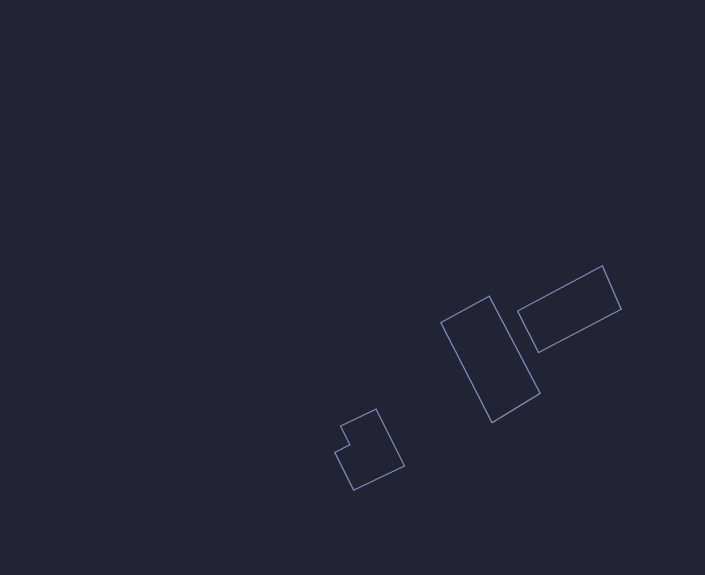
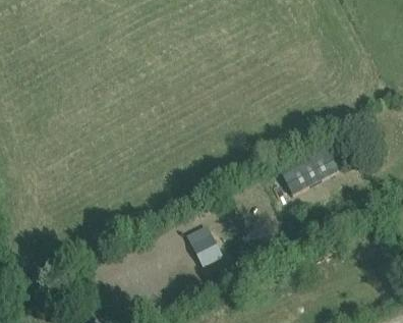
building: [441,296,540,423] -> none

